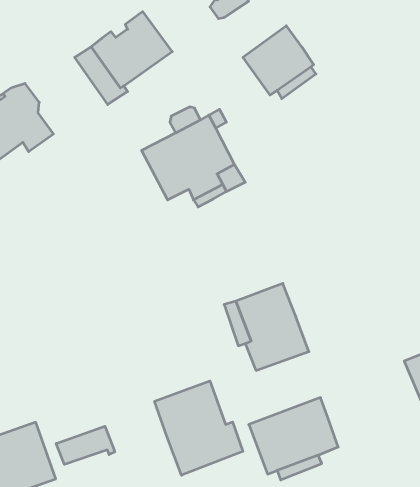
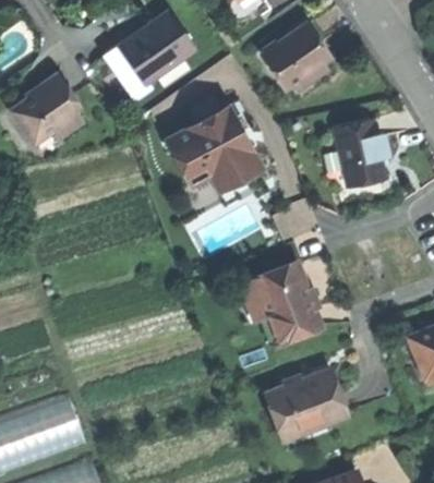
building: none -> [335,119,384,186]
building: [155,381,243,475] -> none
building: [56,426,115,464] -> none

